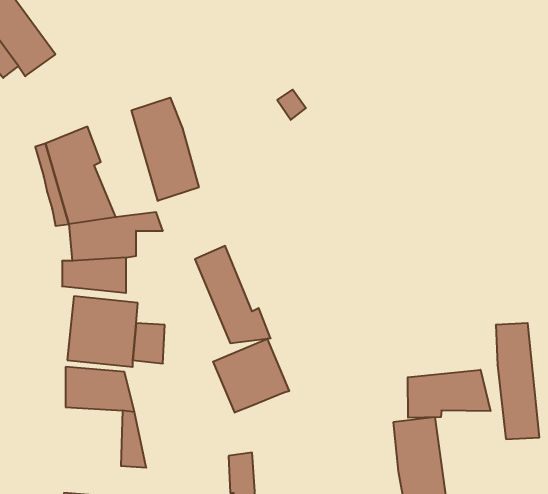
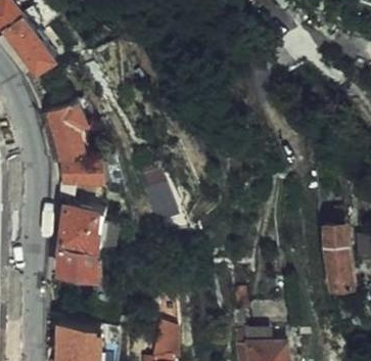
building: [132,98,199,201] -> none
building: [213,339,289,413] -> none
building: [408,370,491,418] -> none

